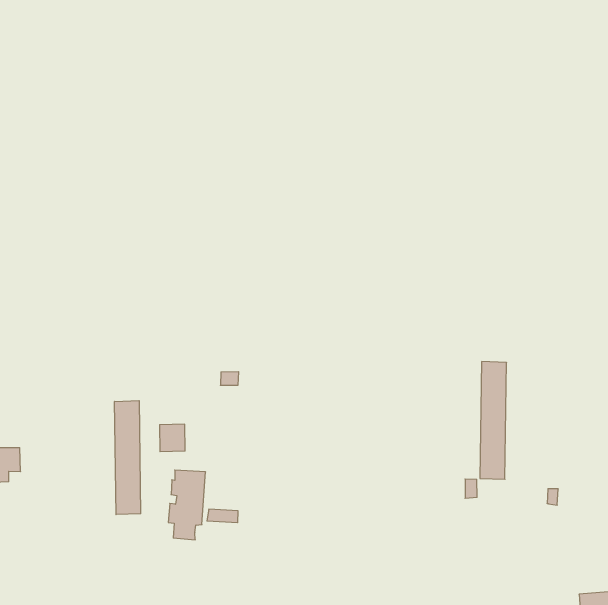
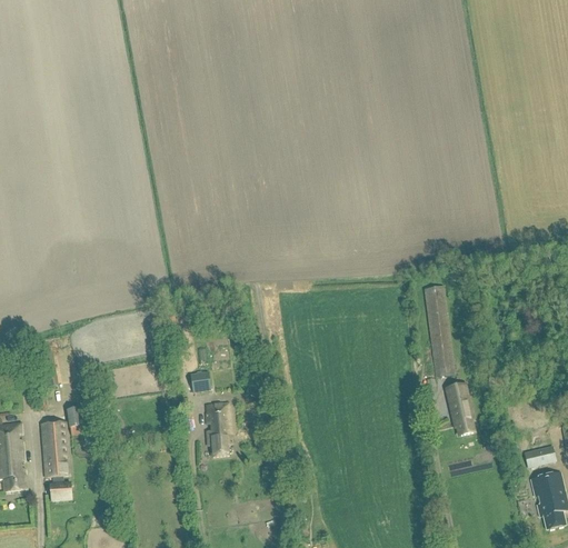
building: [115,401,141,515] -> none
building: none -> [448,389,472,434]

